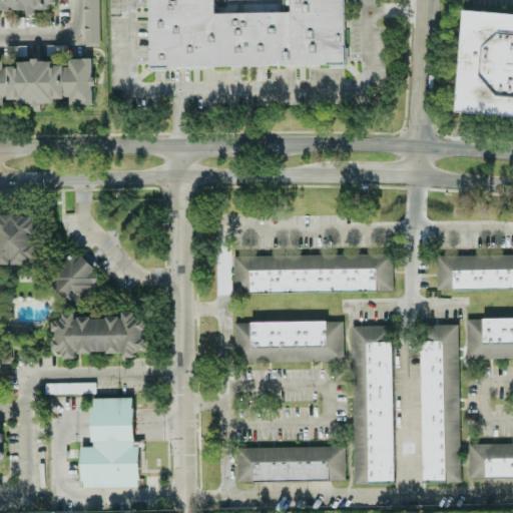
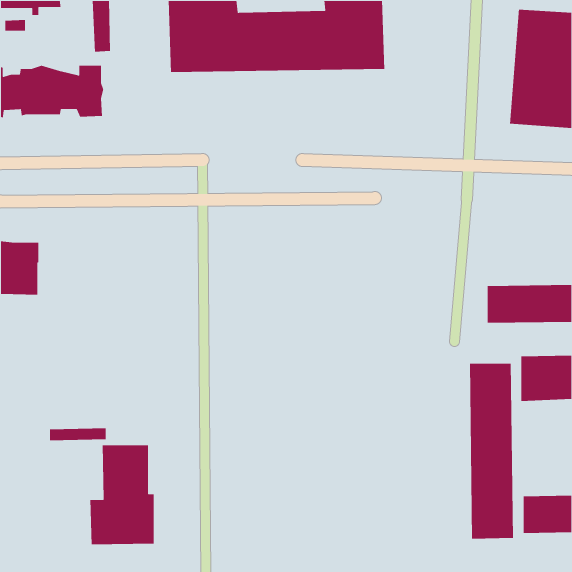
building: [48,252,97,307] -> none
building: [232,253,392,294] -> none
building: [53,312,145,359] -> none
building: [234,321,343,363] -> none
building: [351,326,395,484] -> none
building: [235,446,345,482] -> none

